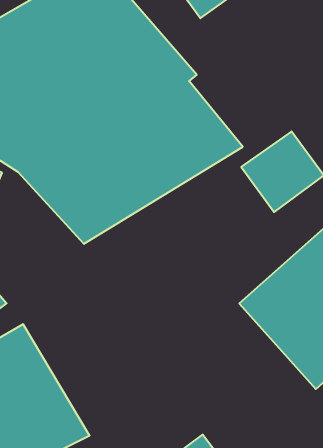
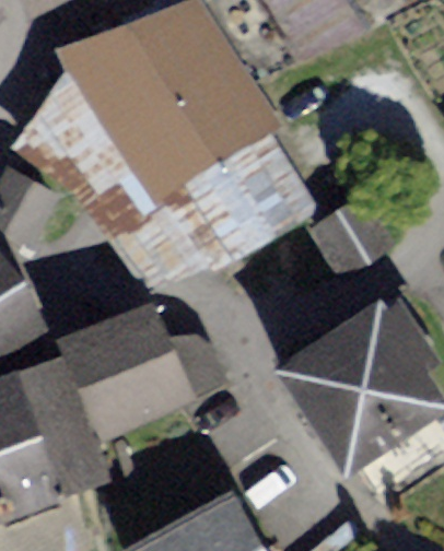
building: none -> [67,308,192,432]

